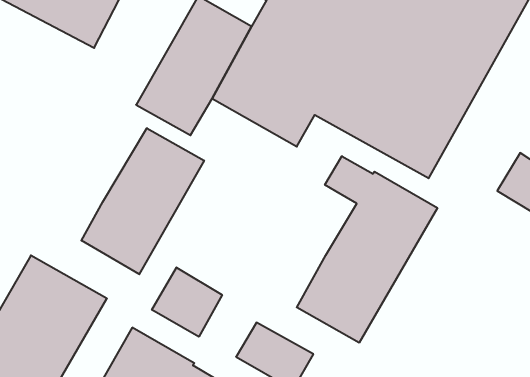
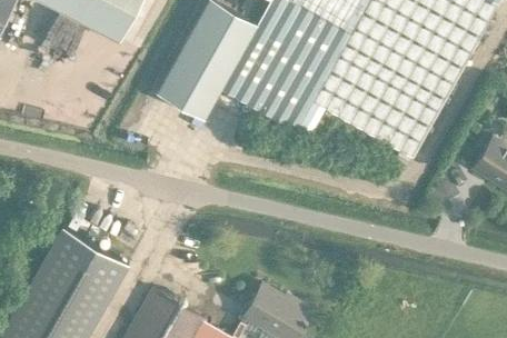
building: [81,128,204,274] -> none
building: [297,156,437,343] -> none
building: [152,267,222,337] -> none

